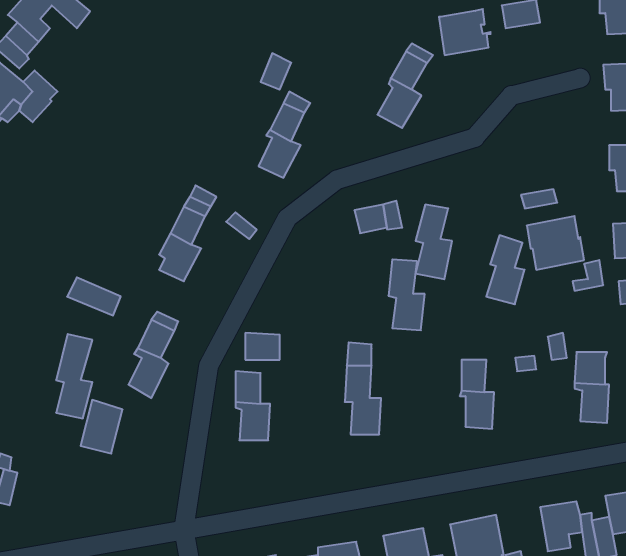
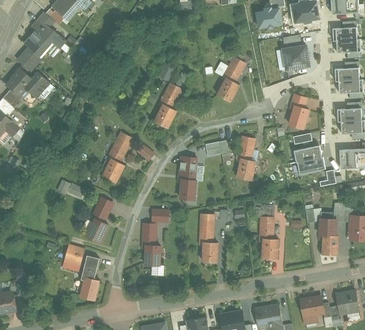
building: [439,9,491,55] -> [283,45,310,69]
building: [486,235,525,304] -> [288,94,308,130]
building: [388,259,425,330] -> [178,162,197,199]
building: [56,334,92,418] -> [81,255,100,299]

